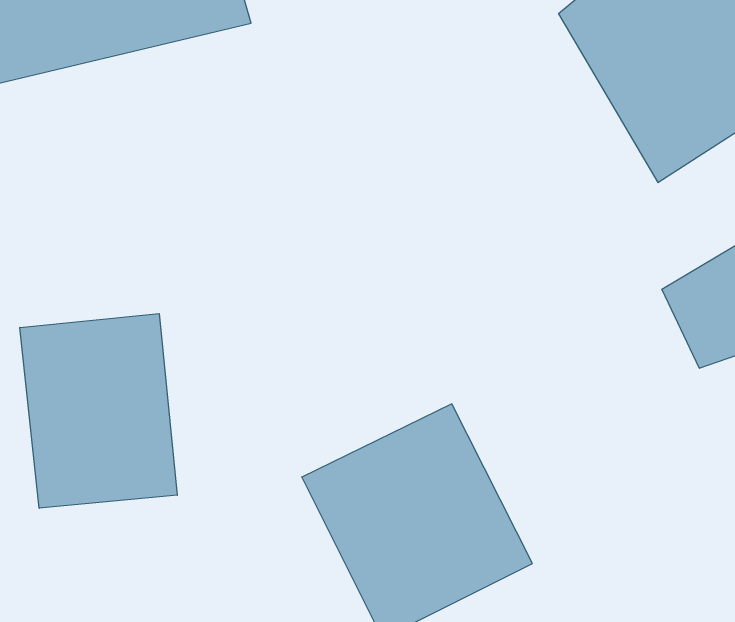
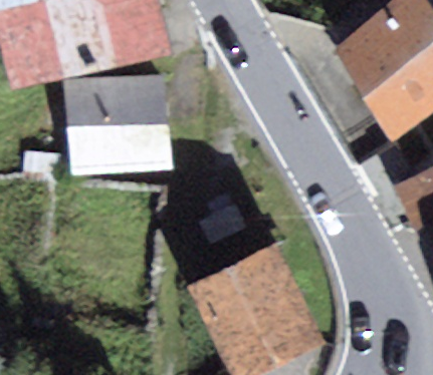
building: none -> [63,73,173,180]
building: [20,314,177,508] -> none

